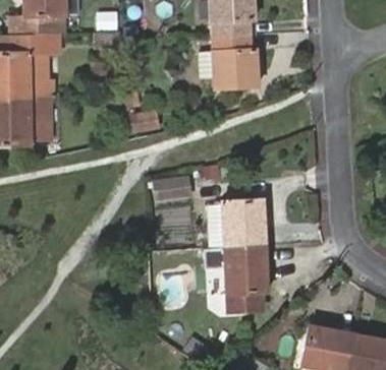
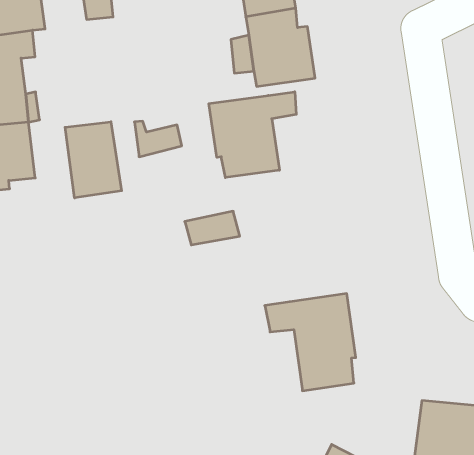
building: none -> [209,92,296,178]
building: none -> [65,122,122,198]
building: [221,199,266,246] -> none

